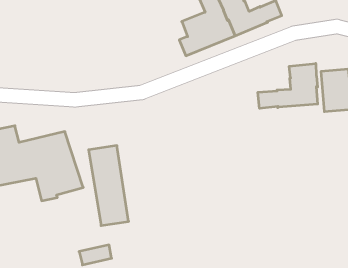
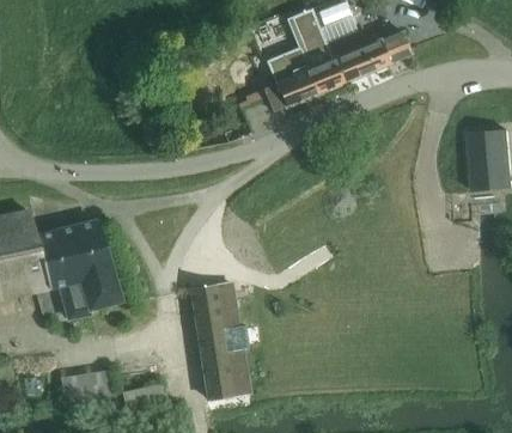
building: [258,63,318,108] -> none
building: [89,146,129,226] -> [189,283,246,398]
building: none -> [59,368,112,402]

